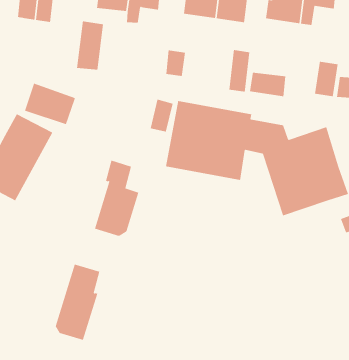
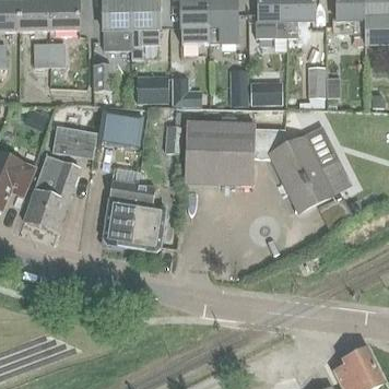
building: none -> [137,74,169,103]
building: none -> [97,108,143,148]
building: [55,264,100,341] -> [104,178,138,245]

